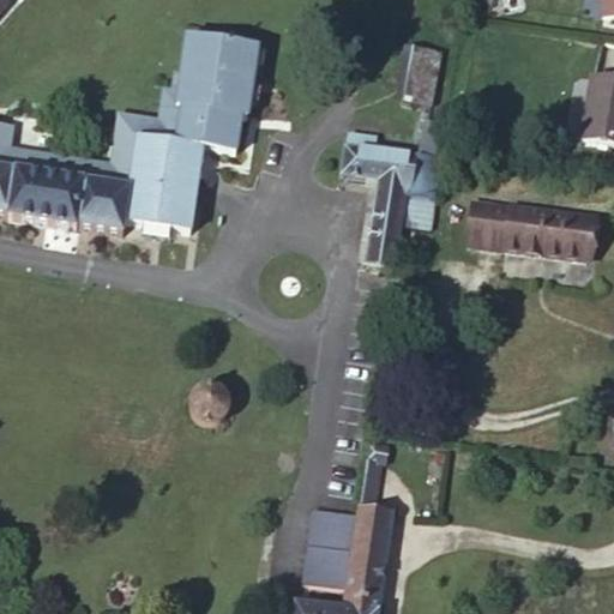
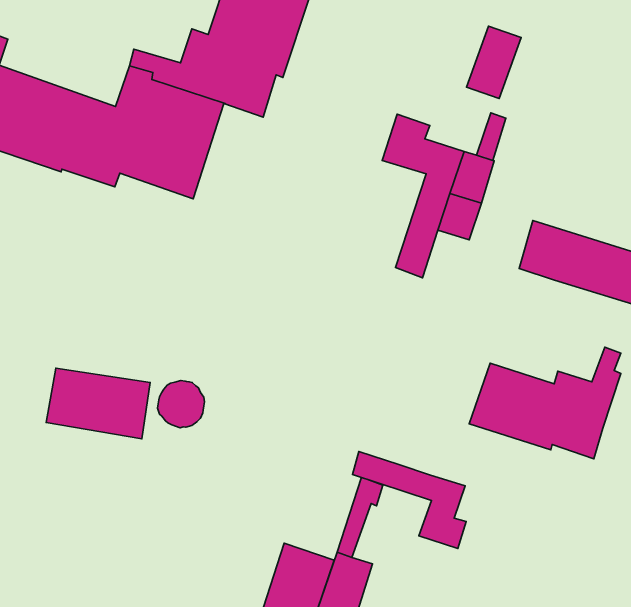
building: none -> [469,347,621,459]
building: none -> [46,368,150,439]
building: none -> [353,451,466,549]

